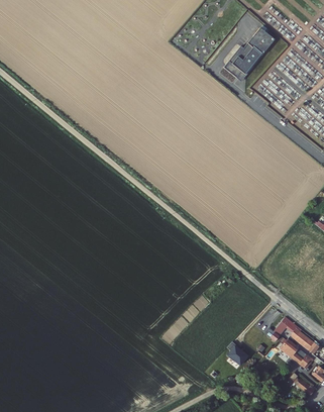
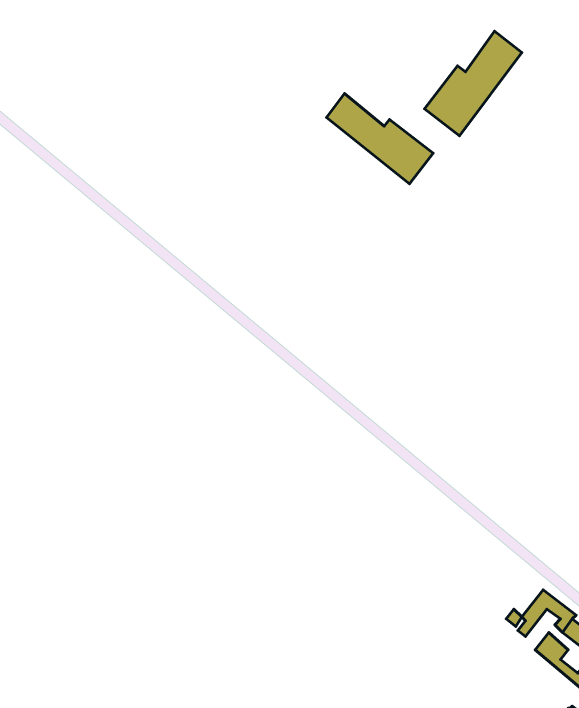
building: none -> [327,94,433,184]

